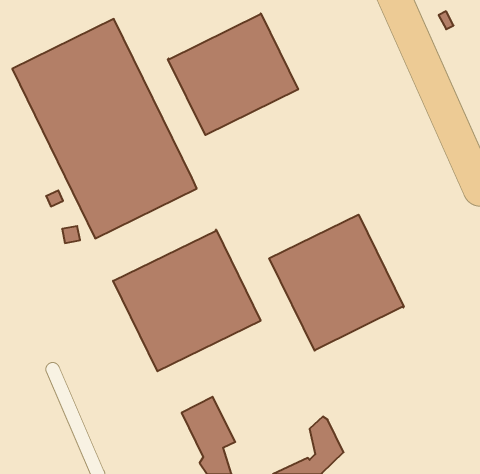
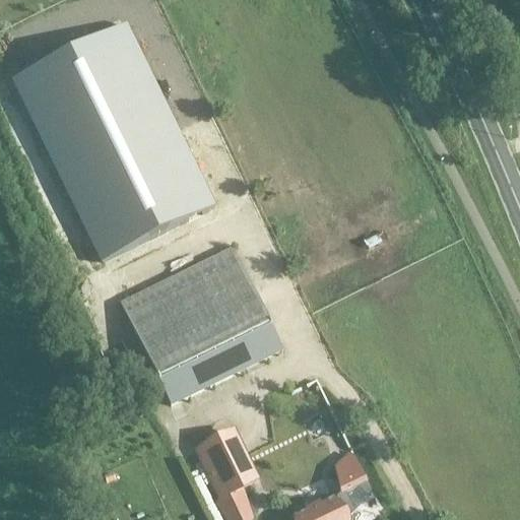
building: [168,13,298,135] -> none
building: [269,215,404,351] -> none

